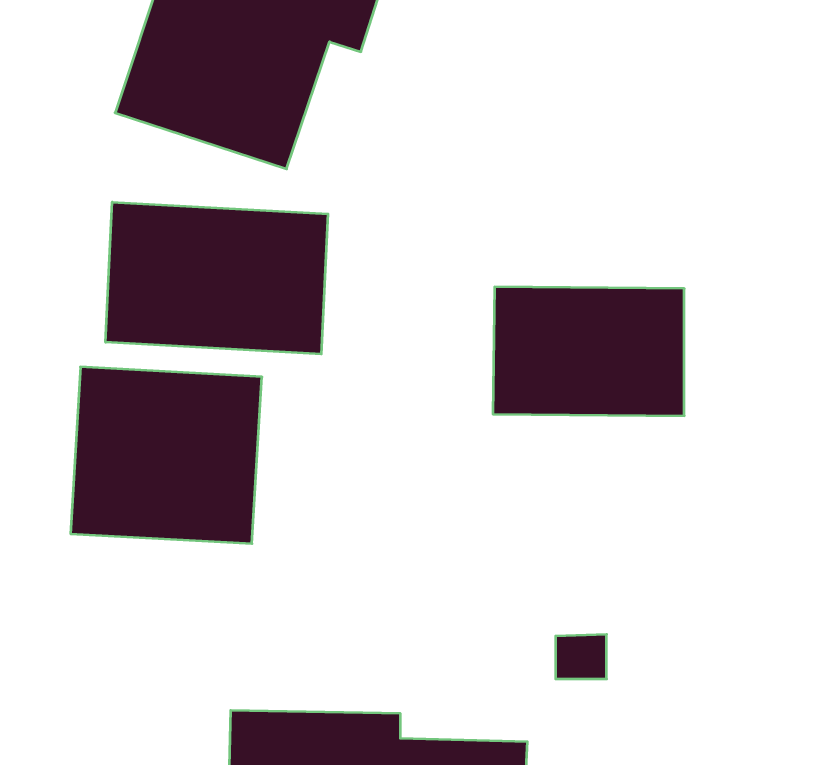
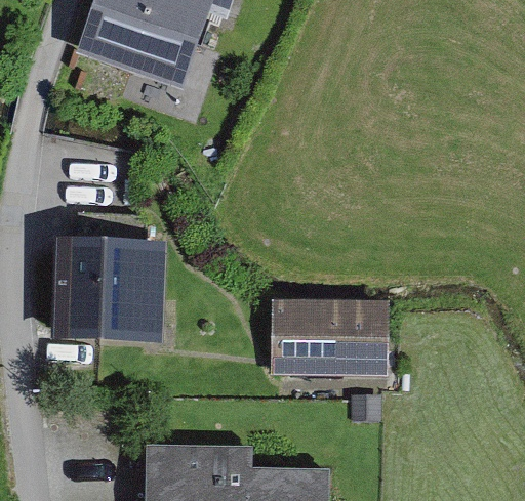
building: [106,202,328,354] -> none
building: [493,287,684,416] -> [268,296,387,376]

